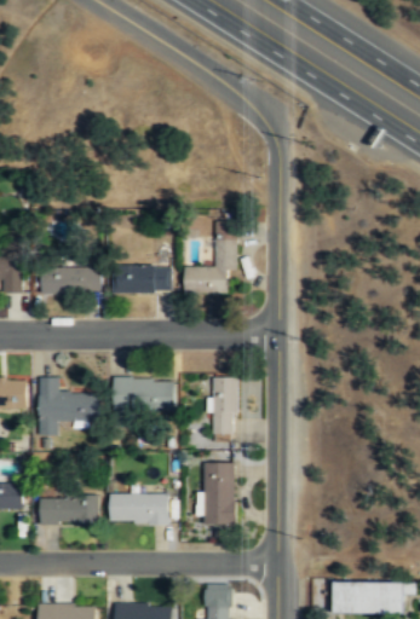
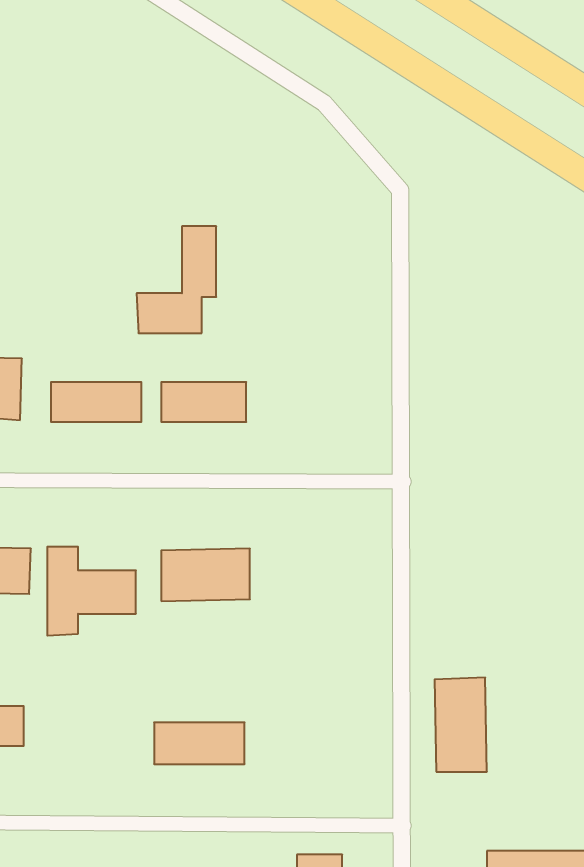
building: [184,222,237,294] -> [137,226,216,333]
building: [212,377,237,440] -> none
building: [202,462,237,525] -> [435,678,487,772]
building: [41,496,99,525] -> none

